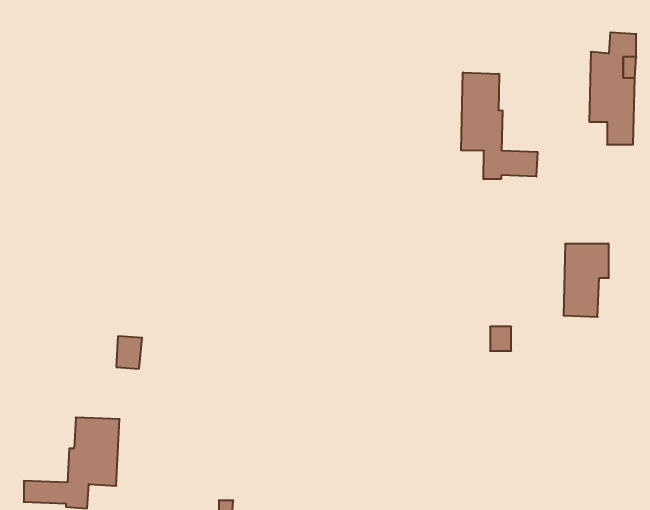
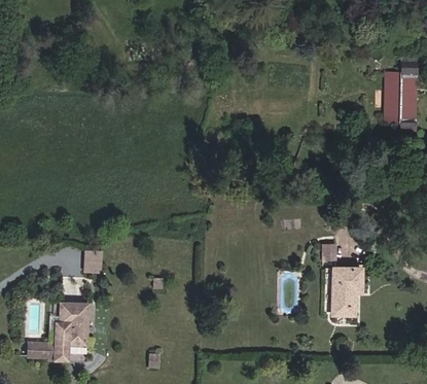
building: [461,72,538,179] -> none
building: [563,244,609,317] -> [332,269,361,315]

